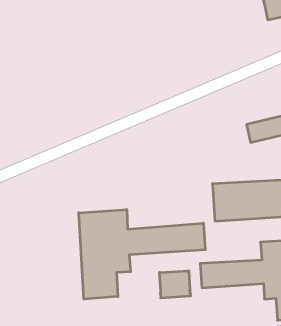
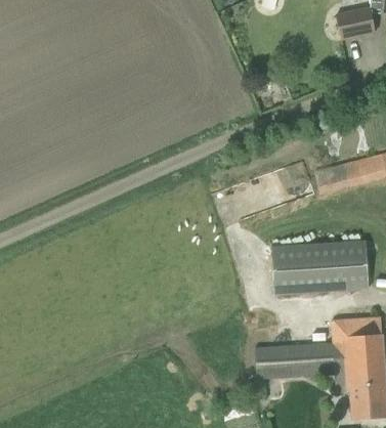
building: [79,209,205,299] -> none
building: [160,271,191,298] -> none

